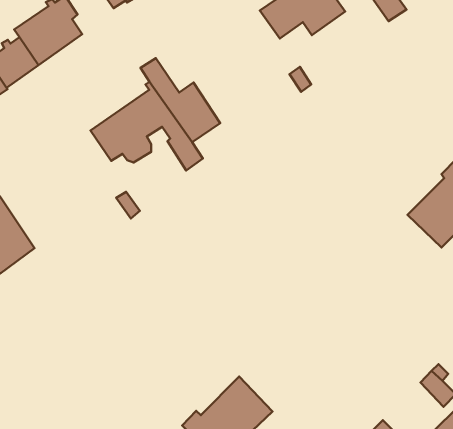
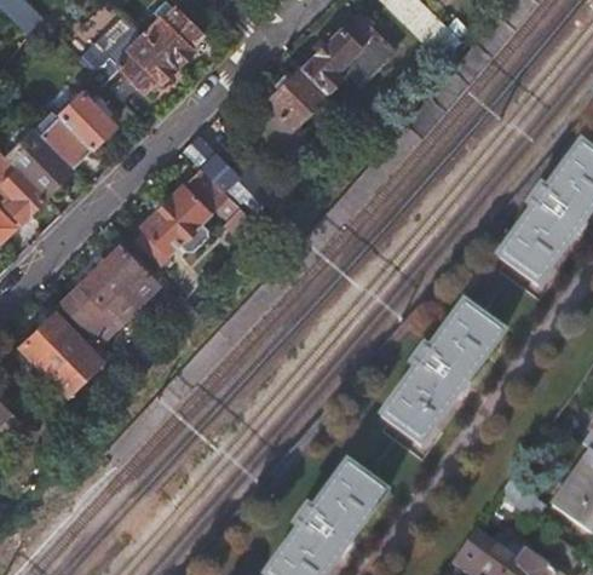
building: none -> [260,65,328,139]
building: none -> [62,246,156,340]
building: none -> [380,304,505,445]

